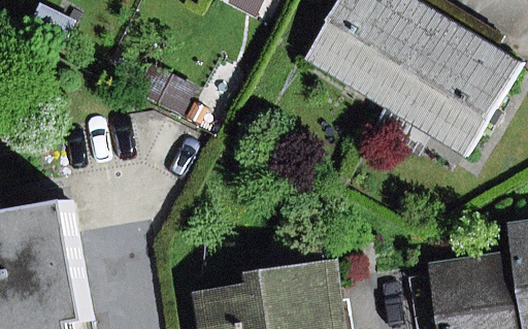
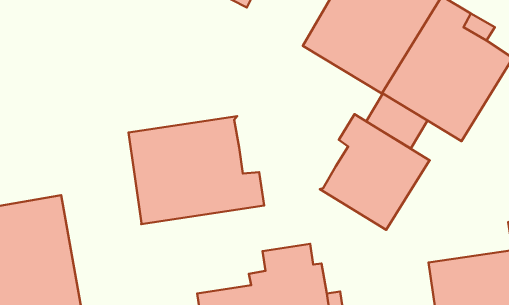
building: none -> [320,114,430,230]
building: none -> [129,116,264,224]

